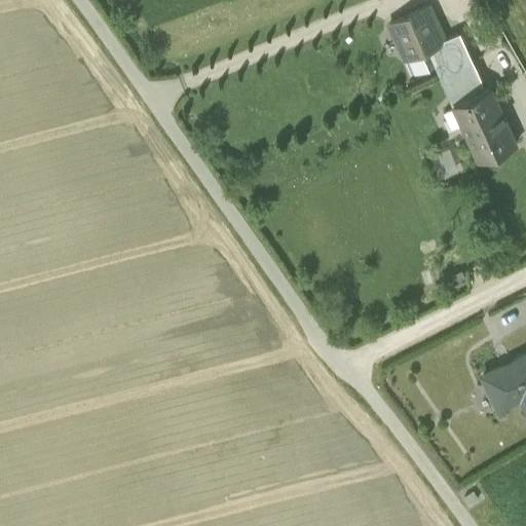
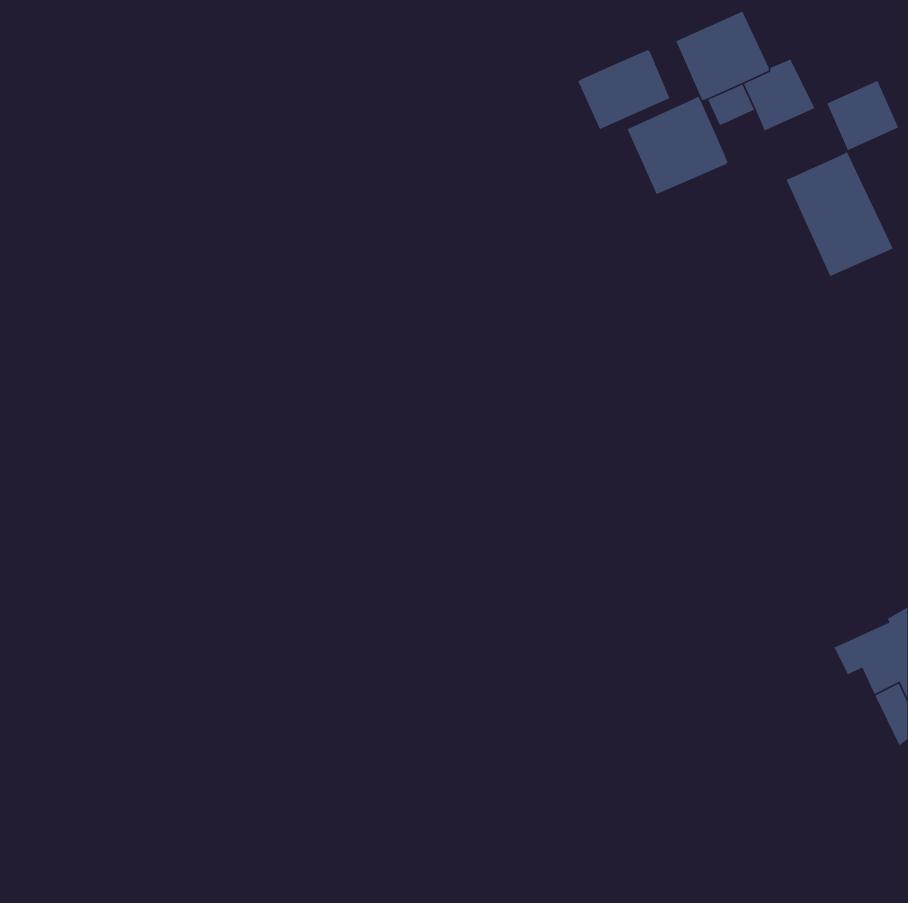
building: none -> [577,49,670,130]
building: none -> [626,96,729,195]
building: [442,66,484,107] -> [826,80,899,151]

